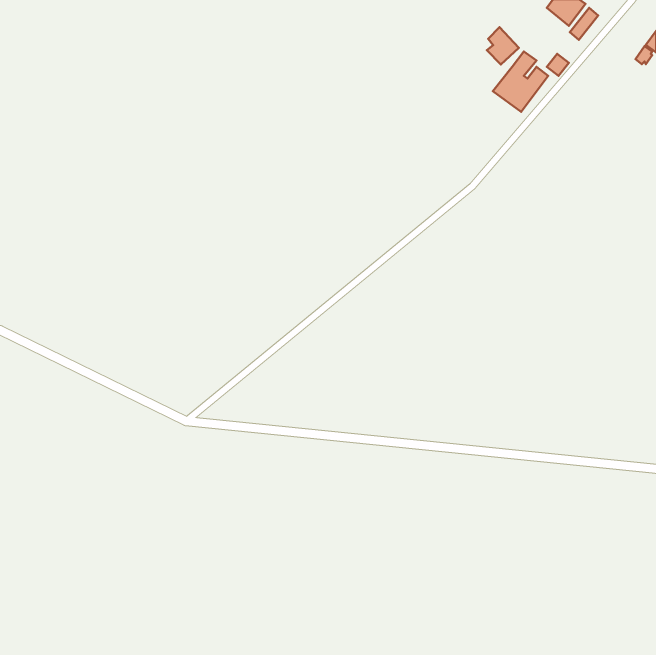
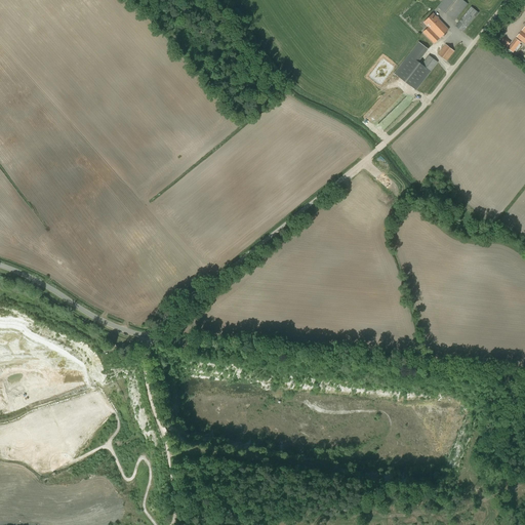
building: [487,27,519,64] -> [422,12,448,42]

